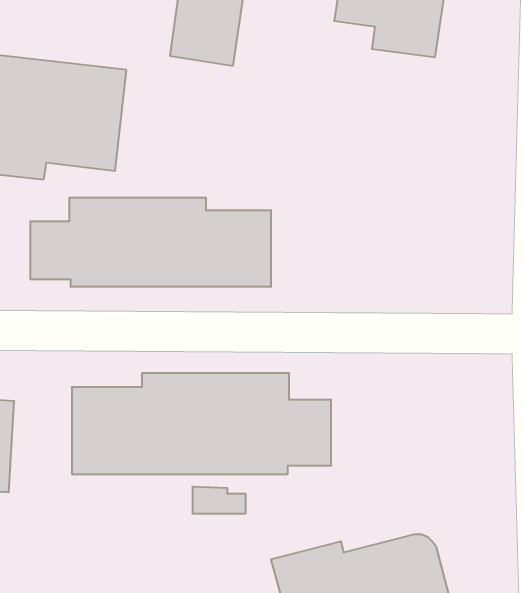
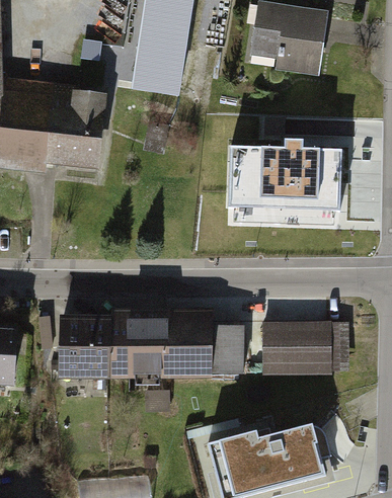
building: none -> [225,139,338,209]
building: [30,198,271,287] -> none
building: none -> [263,322,348,376]

